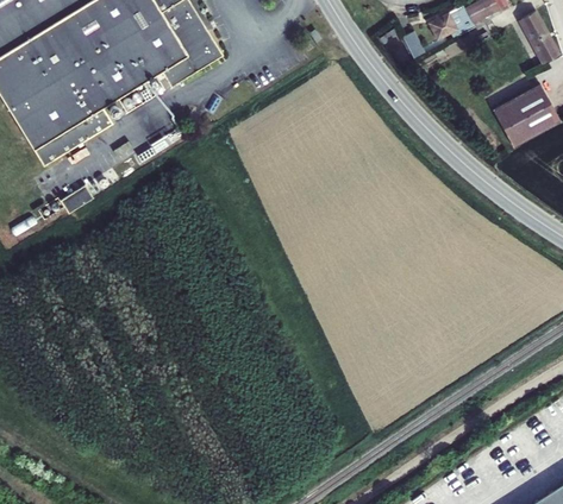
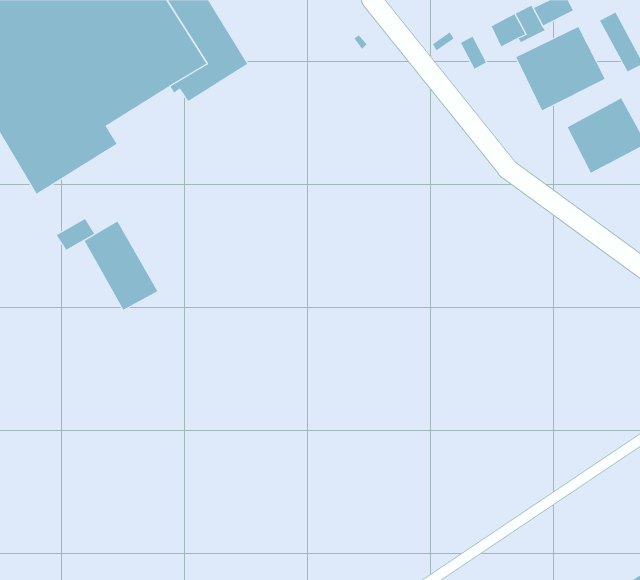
building: none -> [516,26,605,111]
building: none -> [84,221,158,310]

